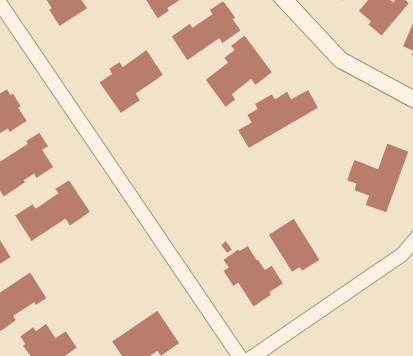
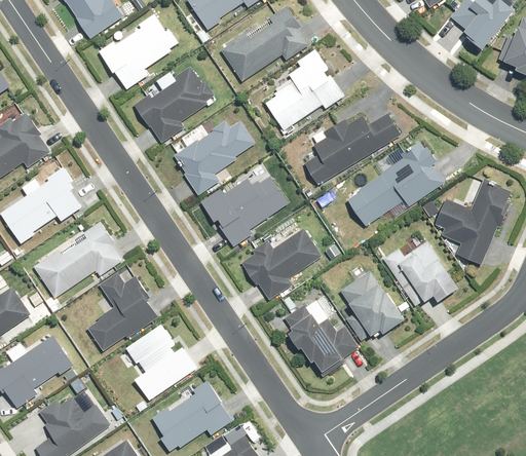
building: none -> [100,14,176,90]
building: none -> [178,121,254,192]
building: none -> [344,140,445,226]
building: none -> [199,176,287,249]
building: none -> [236,229,321,301]
building: none -> [382,242,457,307]
building: none -> [86,271,157,350]
building: none -> [124,325,196,400]

